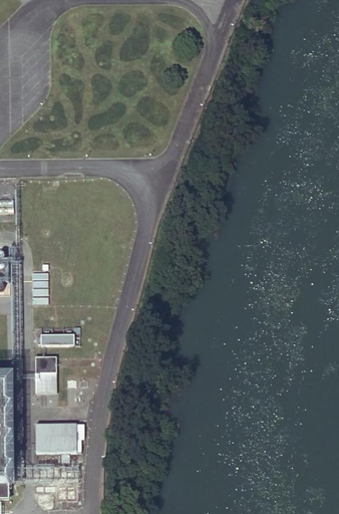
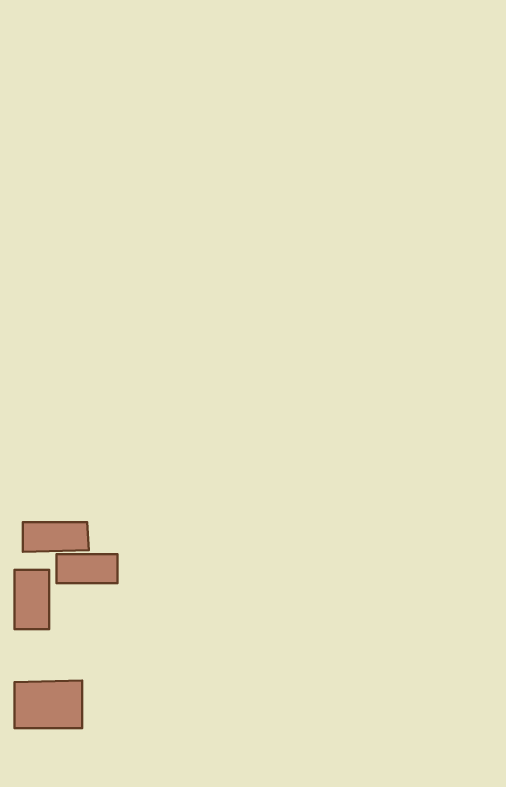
building: none -> [56,554,118,583]

